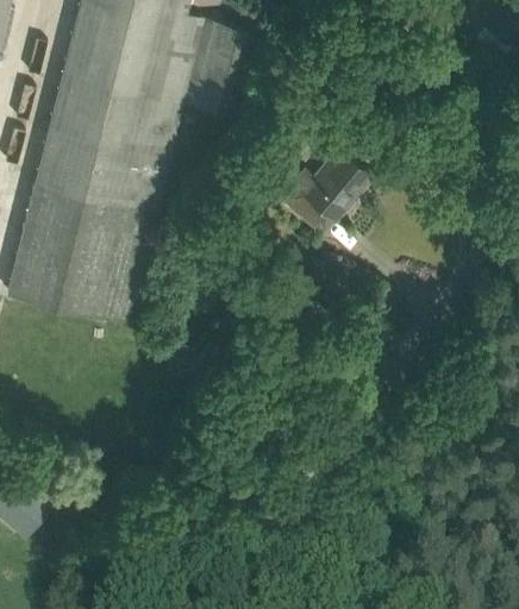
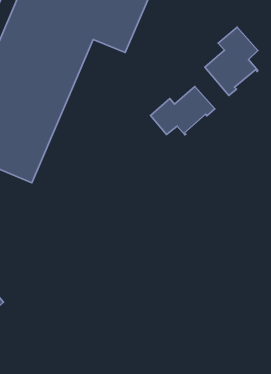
building: none -> [205,27,258,95]

